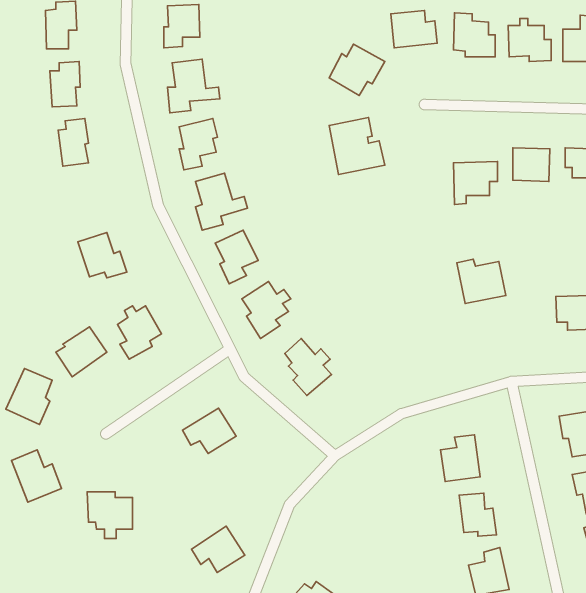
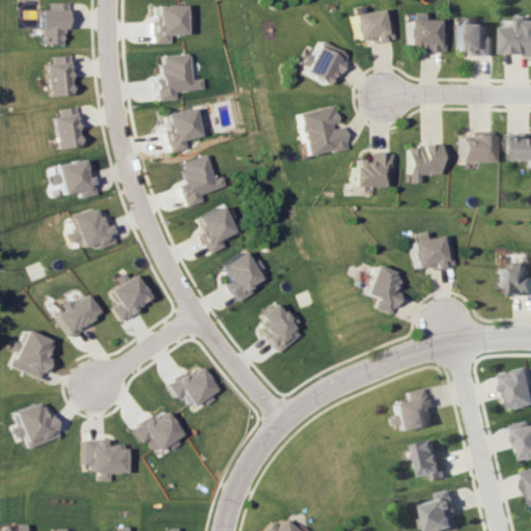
building: none -> [357,152,396,187]
building: none -> [62,159,101,198]
building: none -> [369,267,403,314]
building: [191,526,245,573] -> [135,410,183,451]

